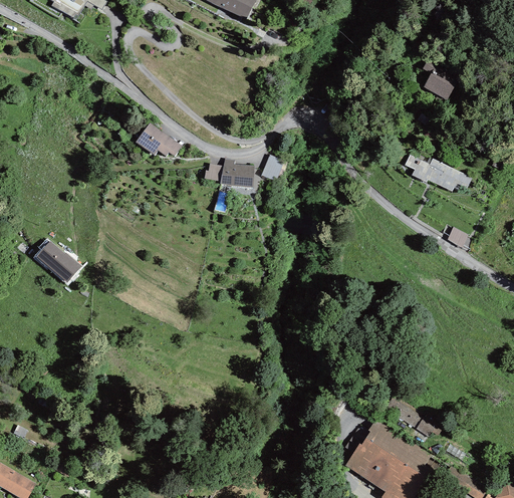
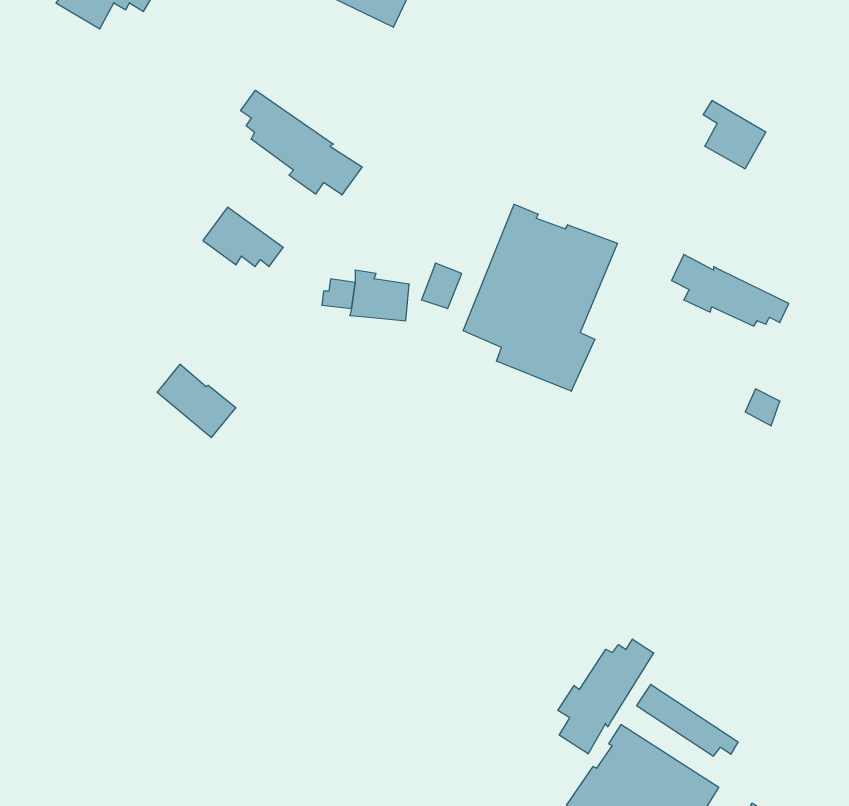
building: none -> [241,90,362,195]
building: none -> [463,204,618,391]
building: [36,240,81,282] -> [157,364,236,438]
building: none -> [558,639,654,754]

